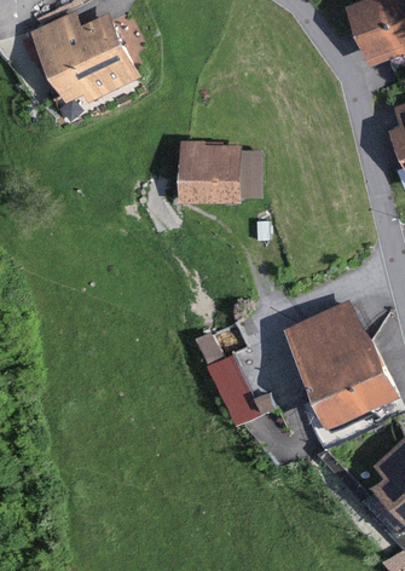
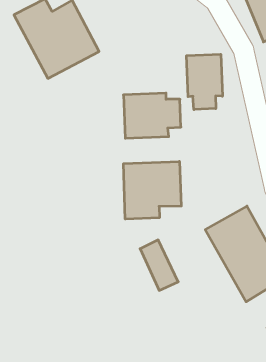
building: none -> [187,54,222,110]
building: none -> [124,161,181,219]

